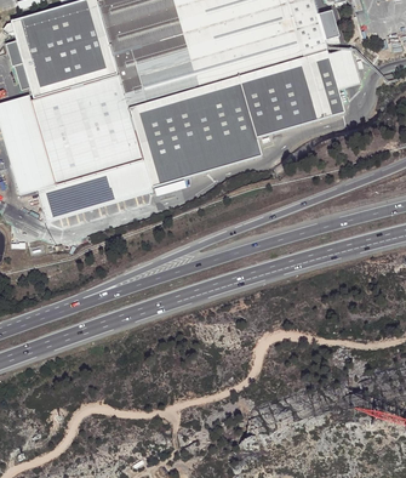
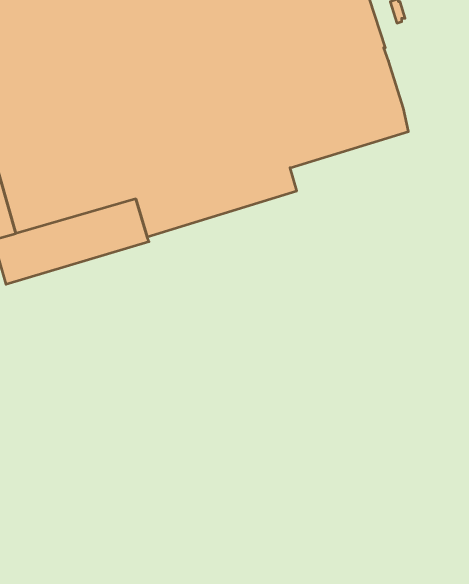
building: [328,47,361,90] -> none

